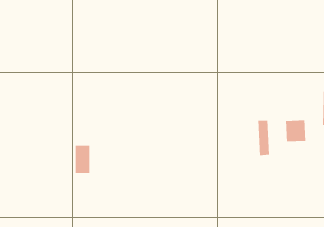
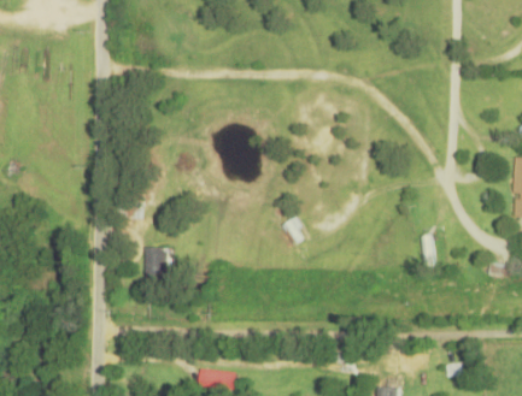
building: [286,120,306,142] -> none

